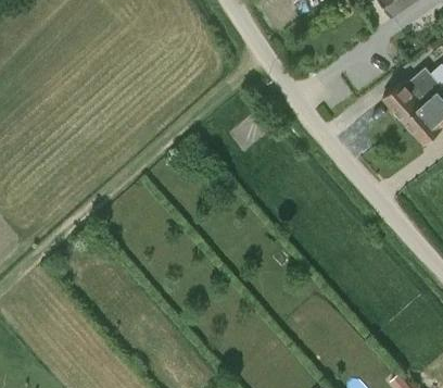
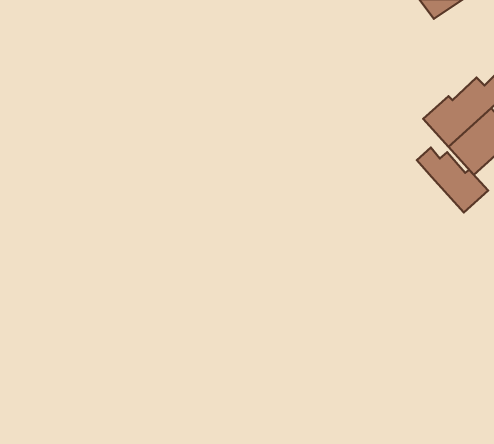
building: none -> [417,147,488,213]

